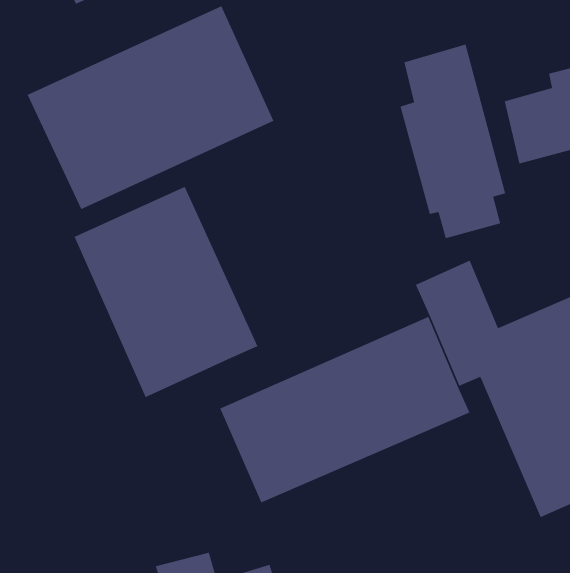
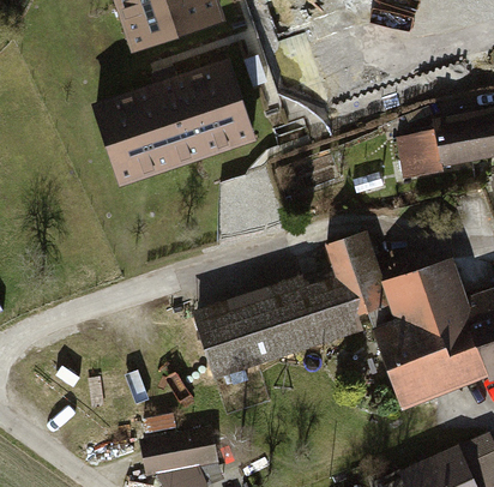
building: [399,43,506,239] -> none
building: [74,186,259,398] -> none

